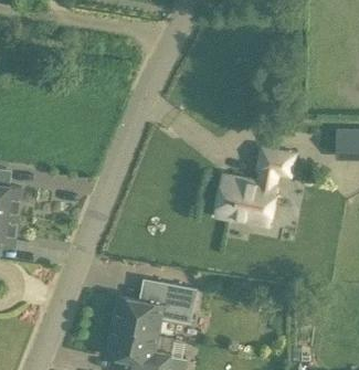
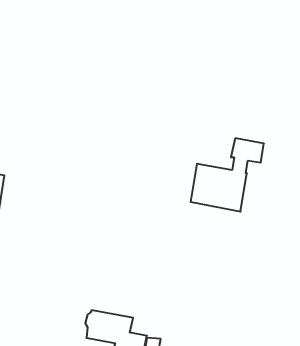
building: [110,281,196,336] -> none

